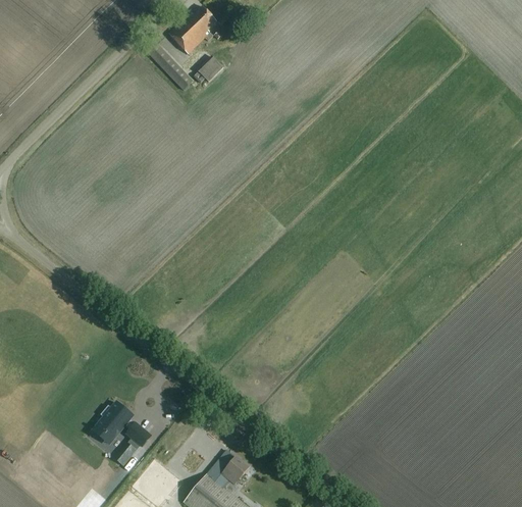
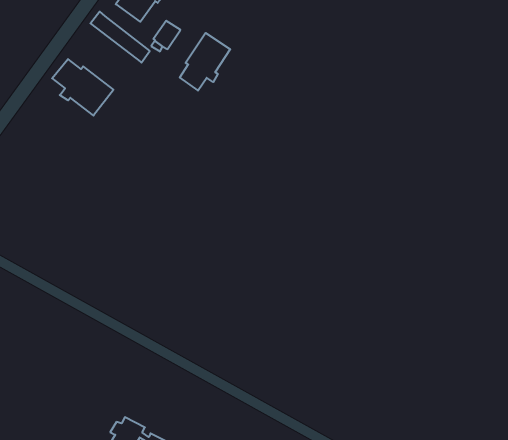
building: none -> [180,33,230,91]
building: none -> [52,59,113,116]

